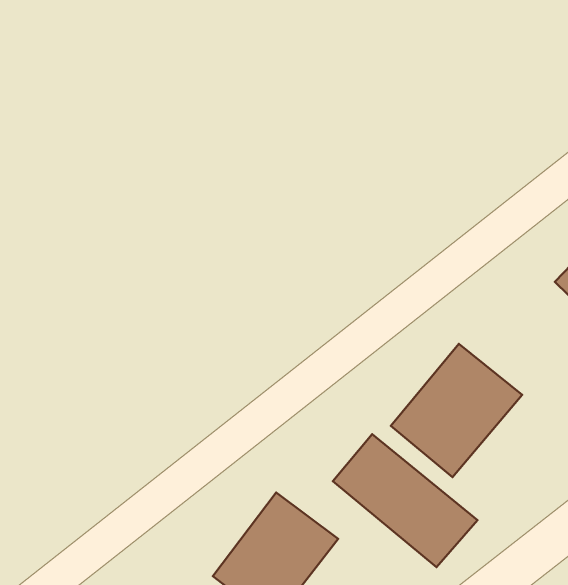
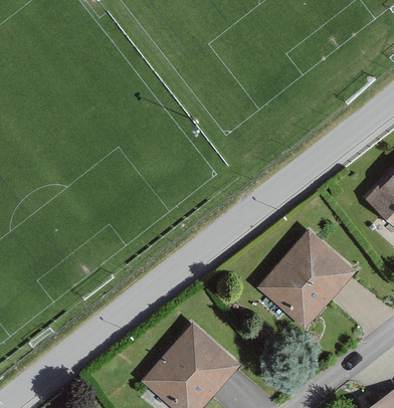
building: [333,434,477,567] -> none

